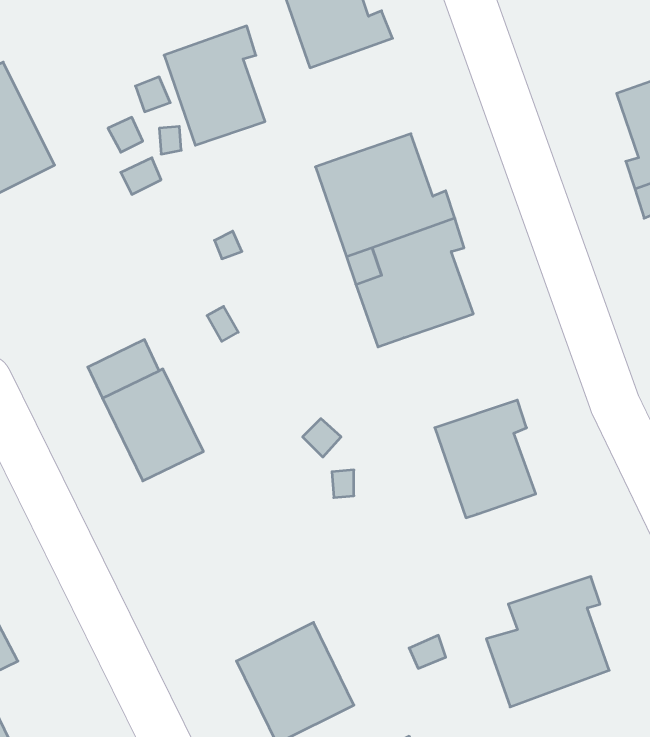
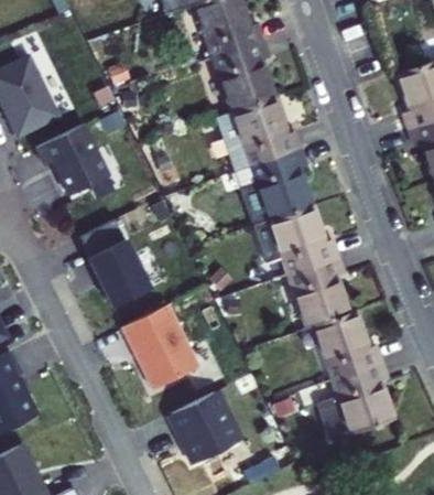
building: [164,26,265,145] -> [214,41,274,112]
building: none -> [37,125,110,195]
building: none -> [270,206,338,275]
building: none -> [123,304,199,389]
building: none -> [314,312,382,380]

